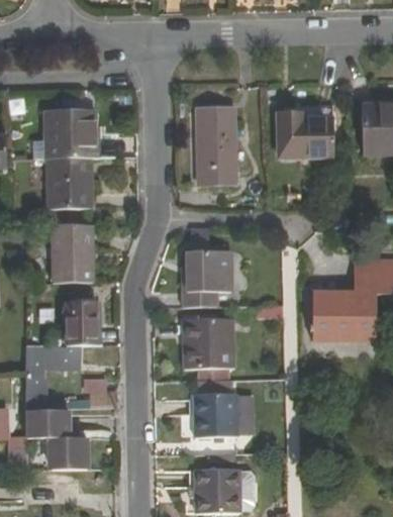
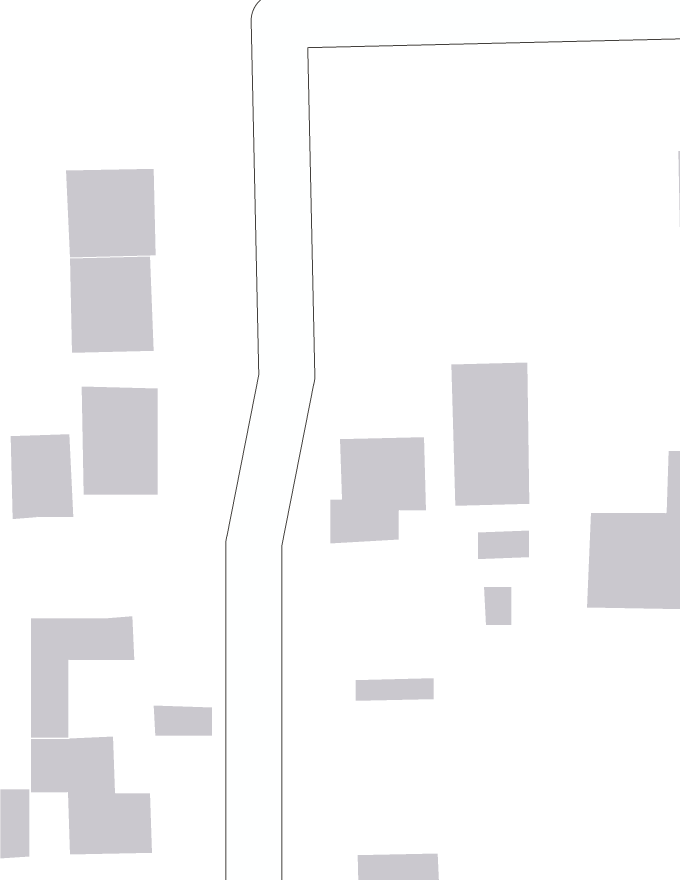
building: [196,108,237,183] -> [450,362,530,506]
building: [278,109,333,158] -> none
building: [65,301,98,345] -> [10,434,74,519]
building: [185,318,232,367] -> none
building: [193,394,237,435] -> none

